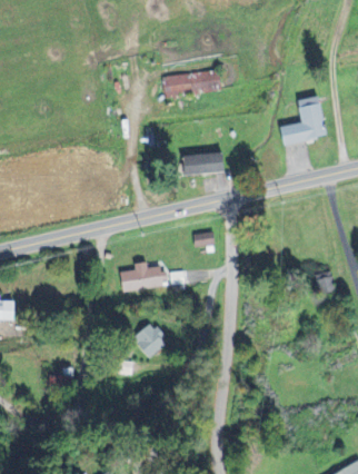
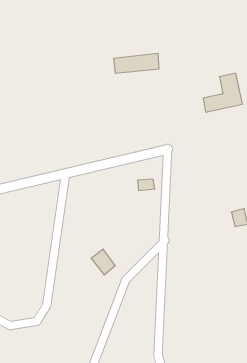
building: [192,154,226,174] -> none
building: [118,263,182,292] -> none

